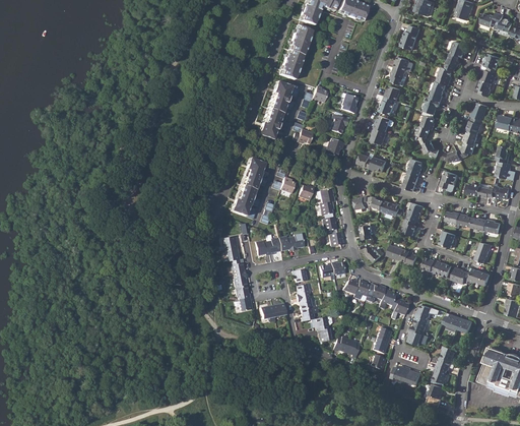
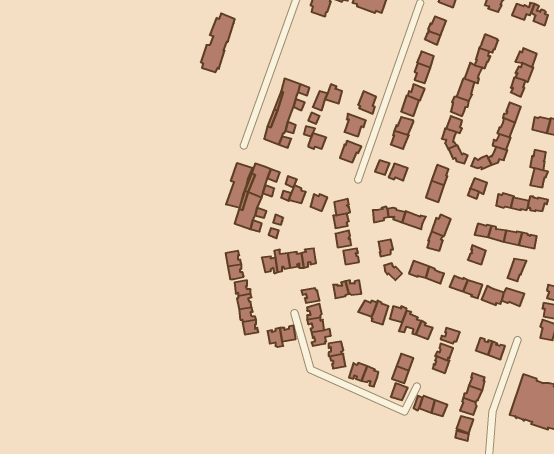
building: [279,25,310,78] -> [201,13,235,72]
building: none -> [226,163,252,208]

